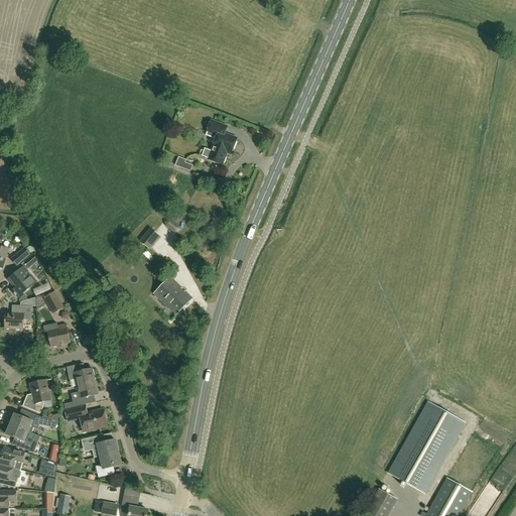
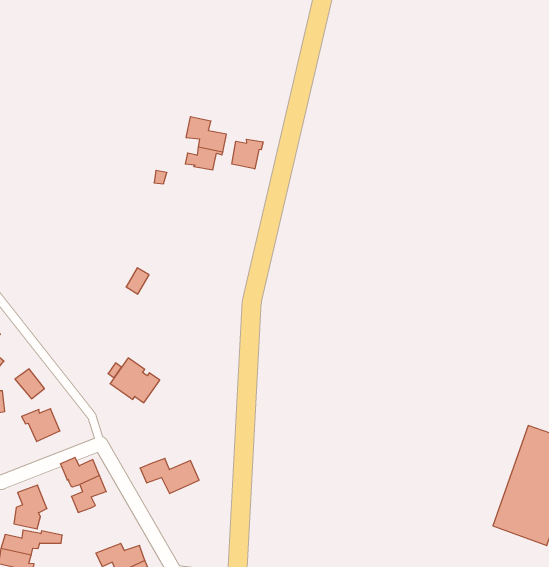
building: none -> [232,139,263,169]
building: [154,276,192,312] -> [110,358,160,403]
building: [64,404,108,431] -> [140,458,199,493]

